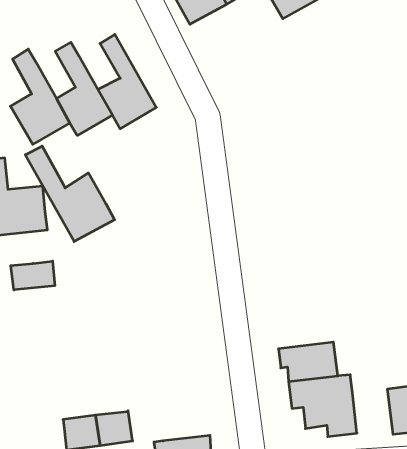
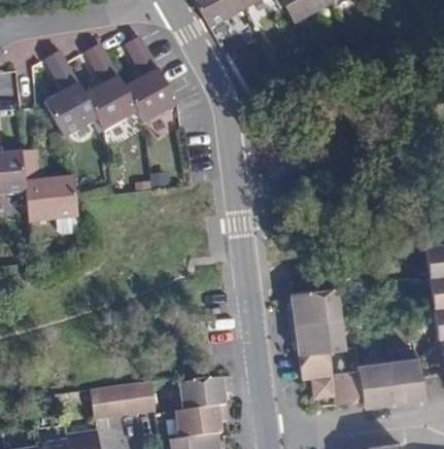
building: [25,146,115,242] -> none
building: [11,261,55,290] -> none
building: none -> [288,288,340,324]
building: none -> [357,361,395,407]
building: none -> [180,377,233,409]

